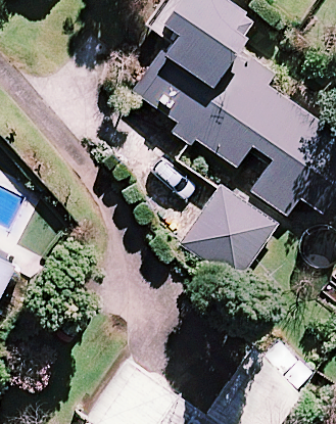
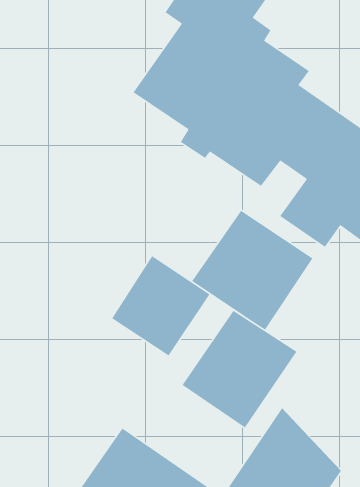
building: none -> [111,255,211,357]
building: none -> [182,310,297,429]

